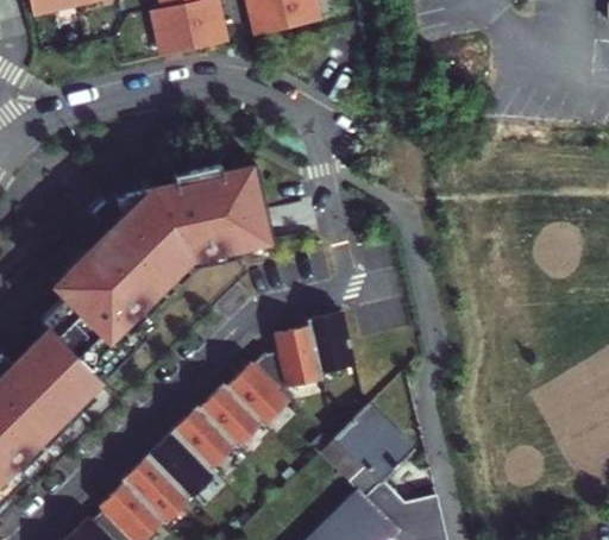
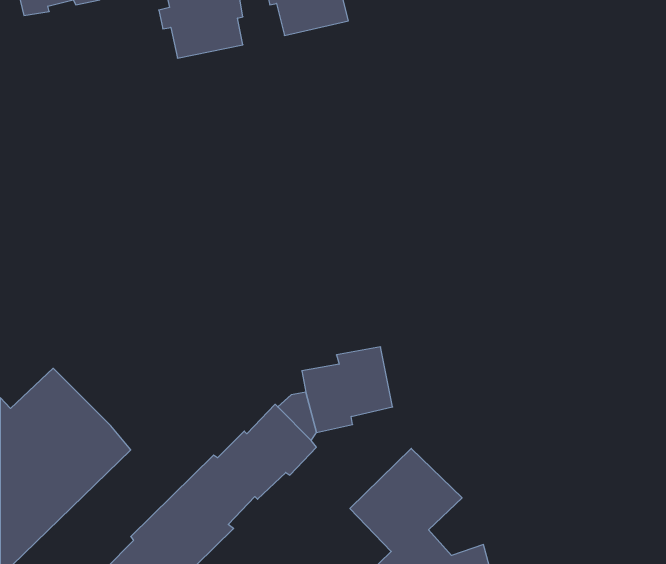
building: [40,163,275,382] -> none

